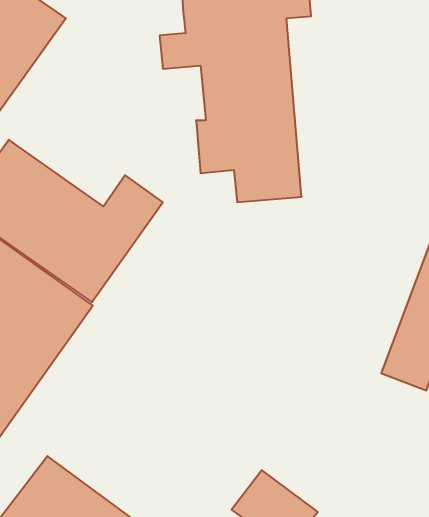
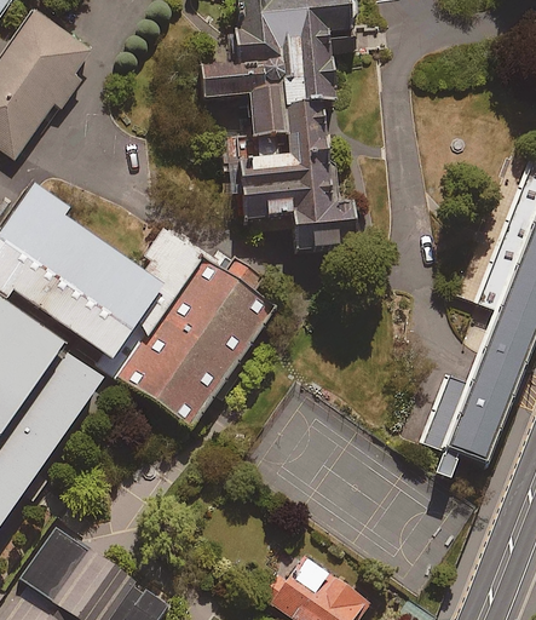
building: none -> [121,257,269,419]

